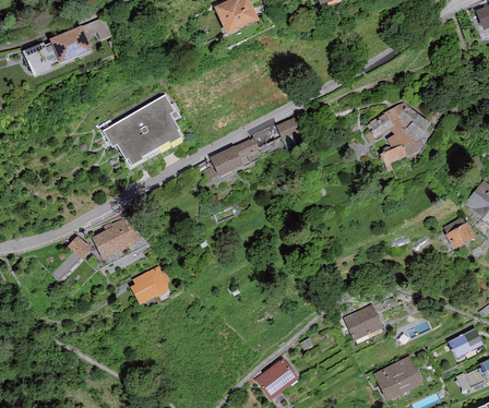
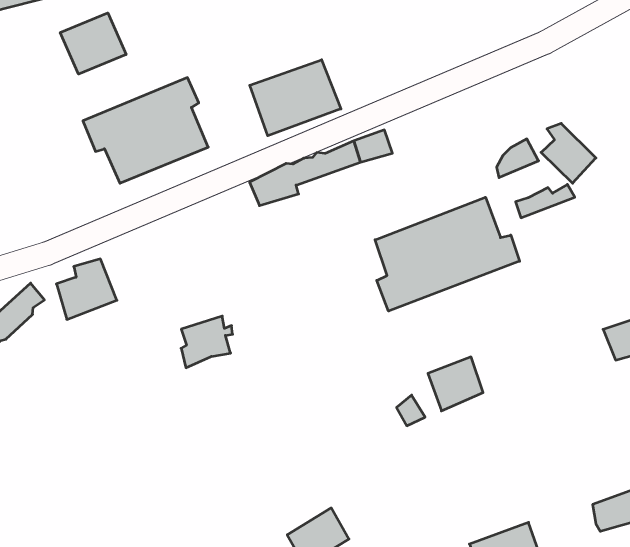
building: none -> [60,13,126,74]
building: none -> [250,60,341,136]
building: none -> [375,197,520,311]
building: [138,267,170,302] -> [181,316,233,368]
building: [337,308,373,344] -> [428,357,483,411]

